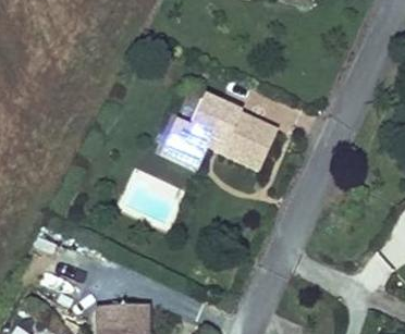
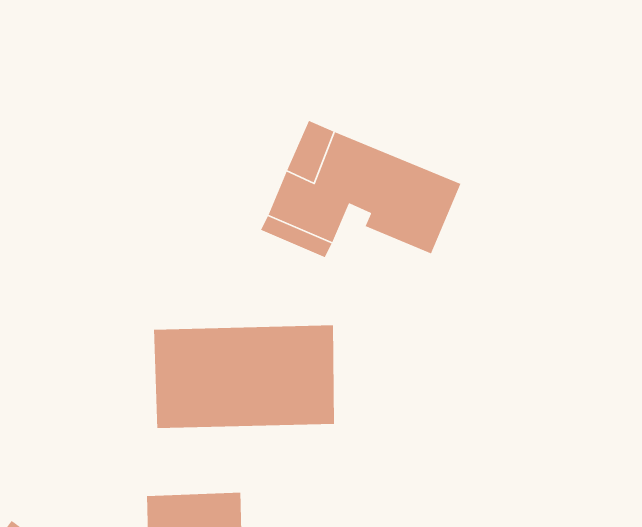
building: none -> [153,325,335,429]

